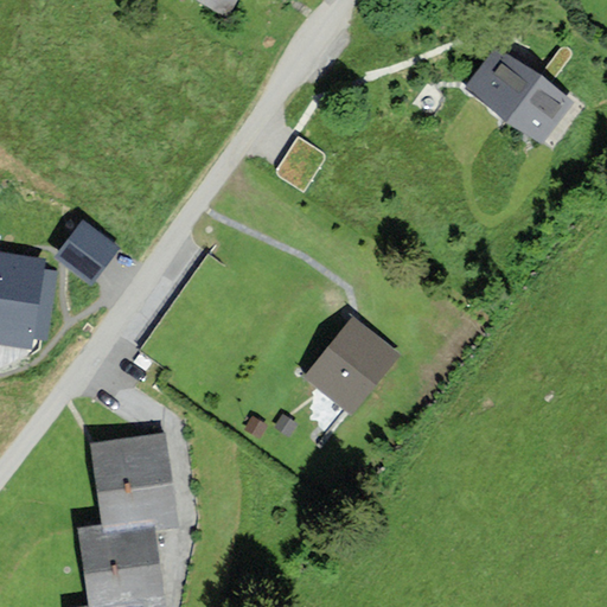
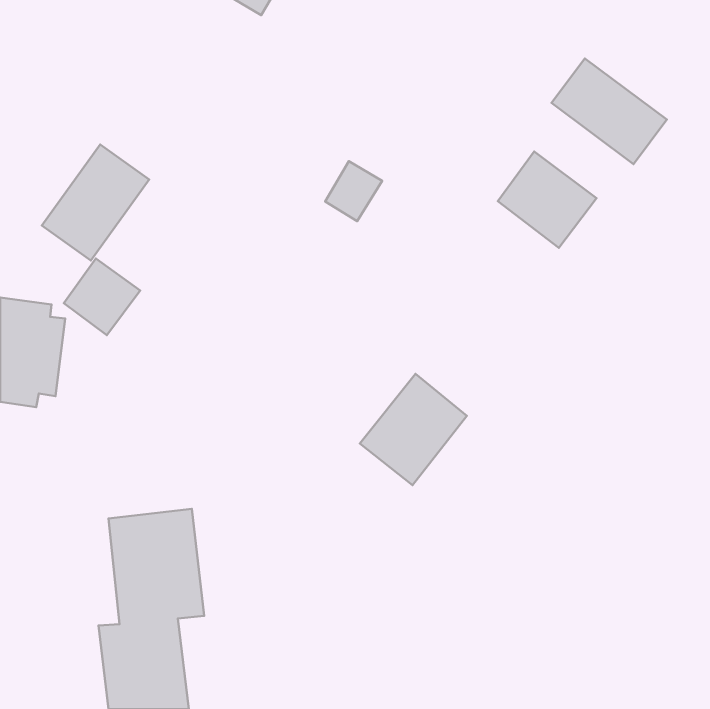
building: none -> [42,144,149,261]
building: none -> [498,151,597,248]

